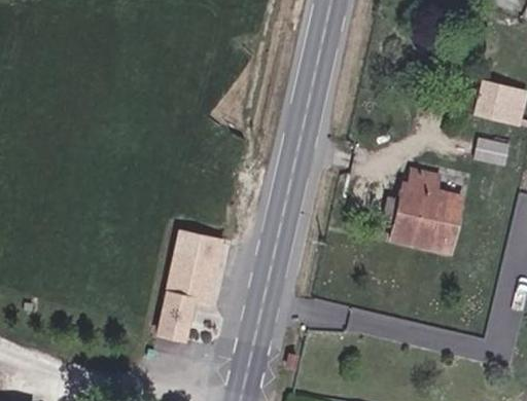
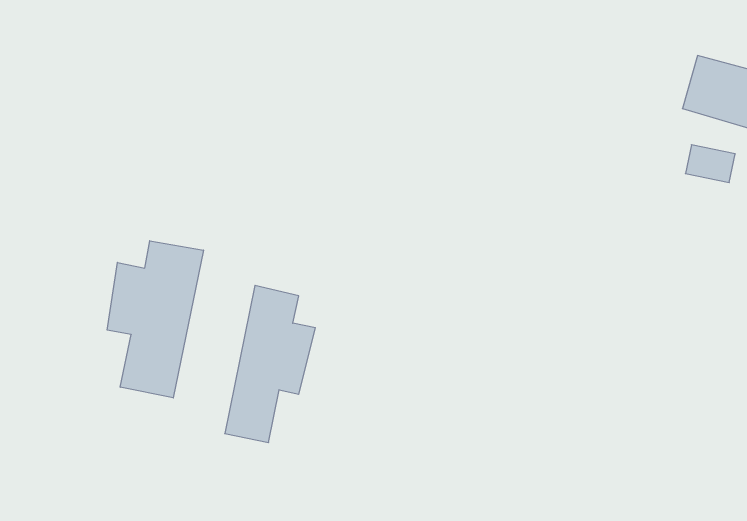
building: [392,171,461,253] -> none
building: none -> [107,241,203,398]

